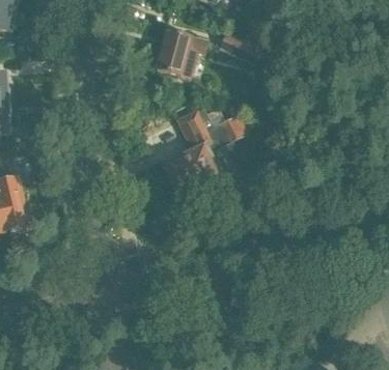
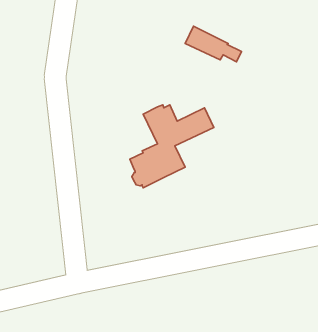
building: [157,28,209,77] -> none

